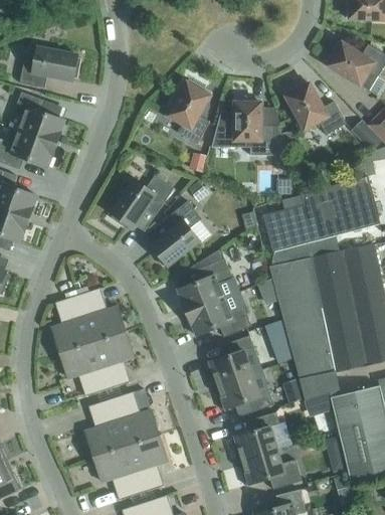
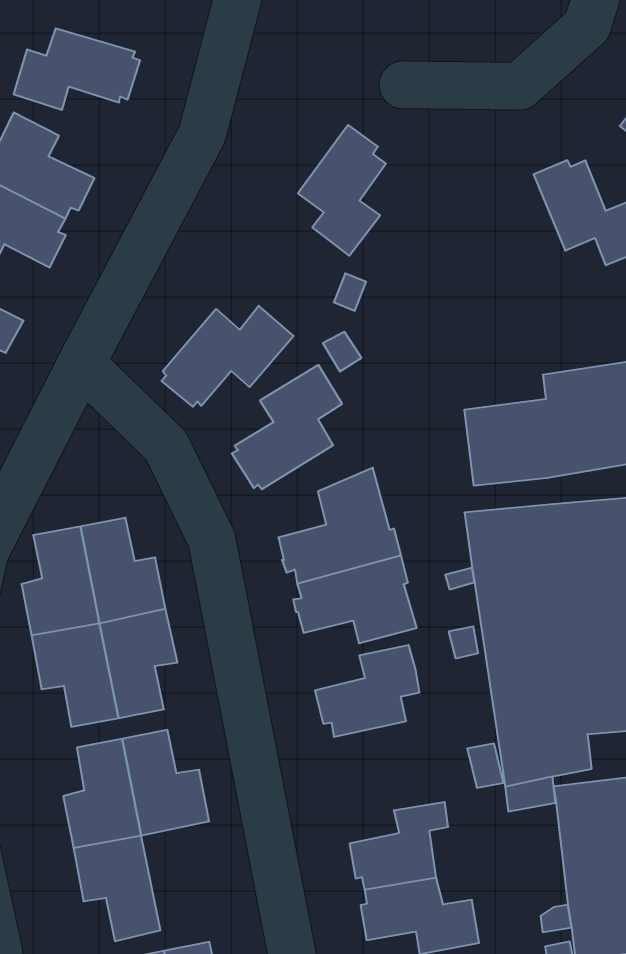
building: [212,99,285,155] -> none
building: [216,373,273,412] -> none
building: [127,435,168,492] -> none

